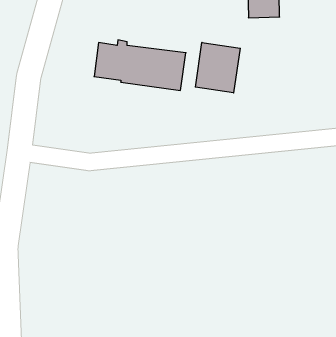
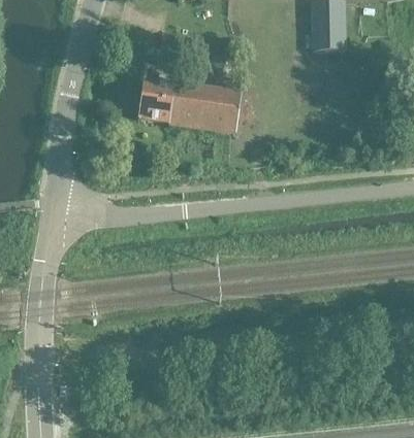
building: [195,42,240,93] -> none

